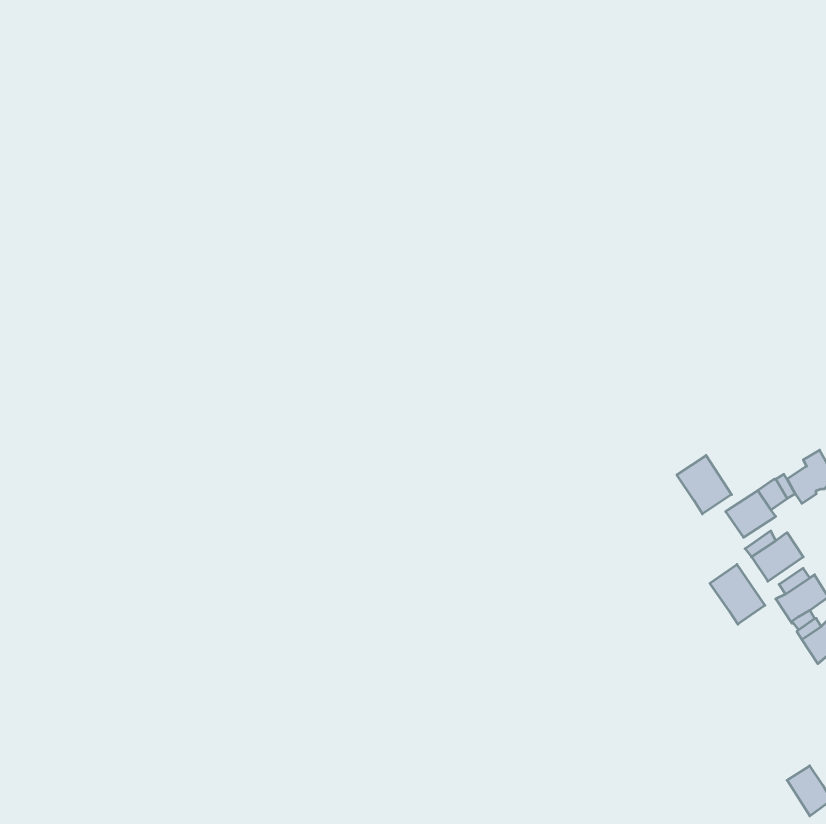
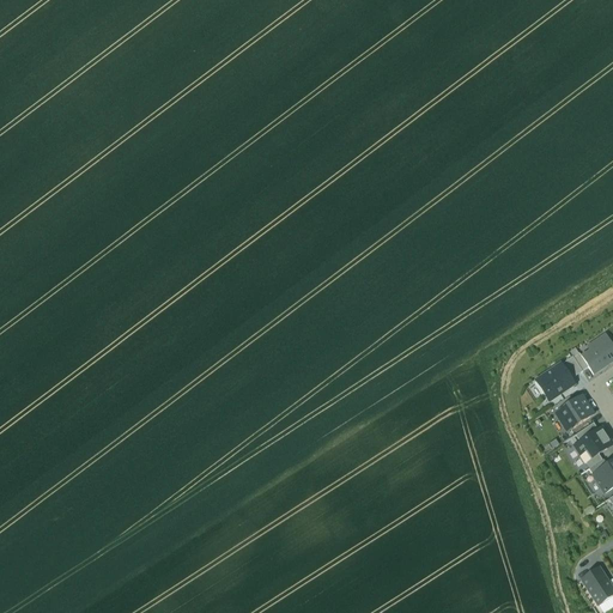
building: [677,455,732,514] -> none
building: [710,564,765,624] -> none

